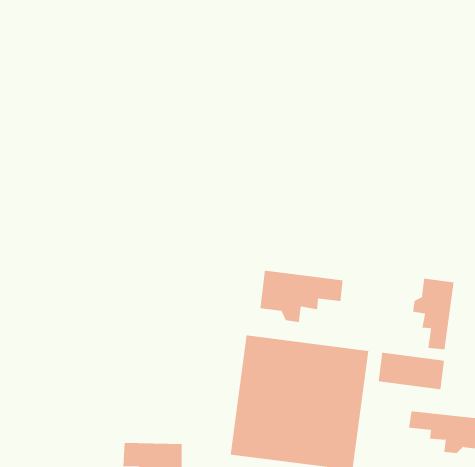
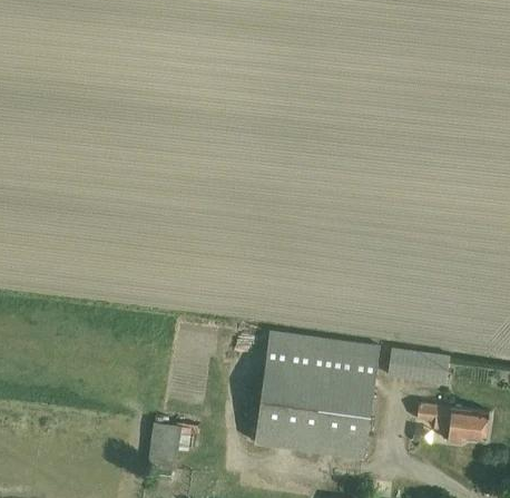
building: [260,270,343,323] -> none
building: [412,278,454,350] -> none

